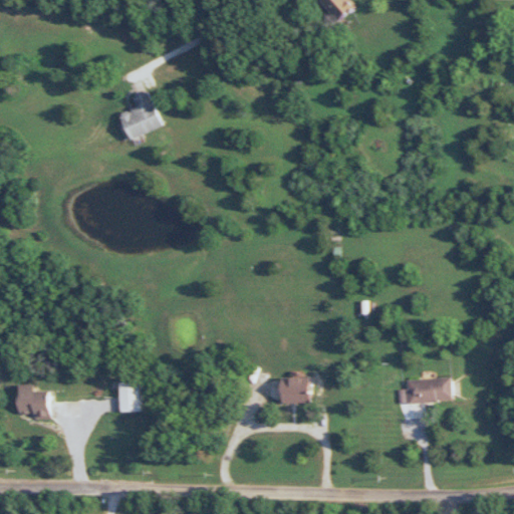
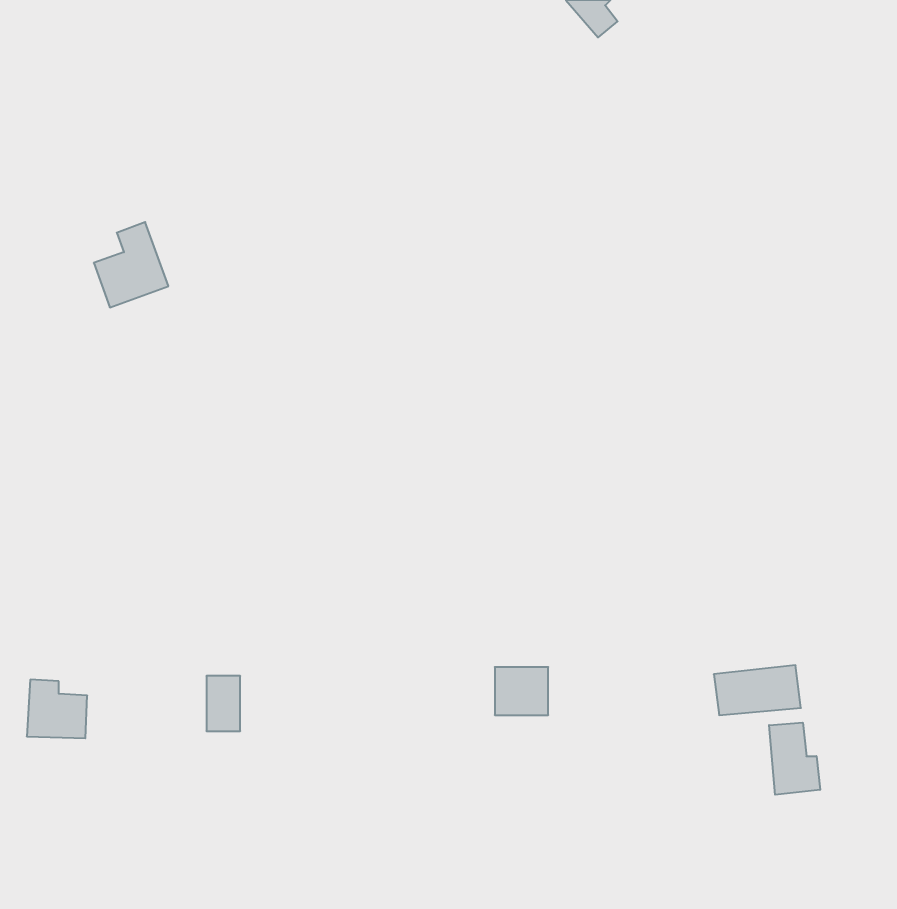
building: [118,90,161,139] -> [94,222,168,307]
building: none -> [769,723,820,795]

